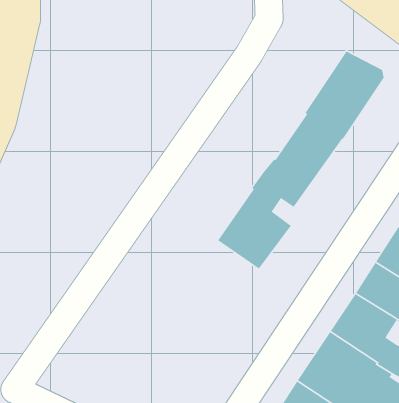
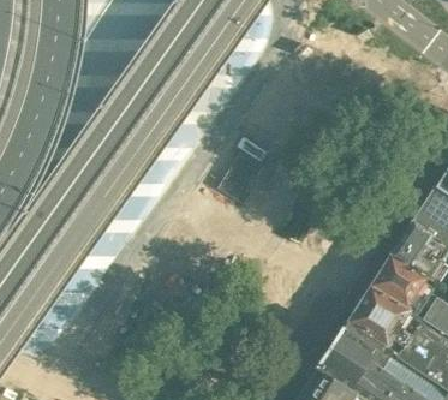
building: [217,51,385,269] -> none

